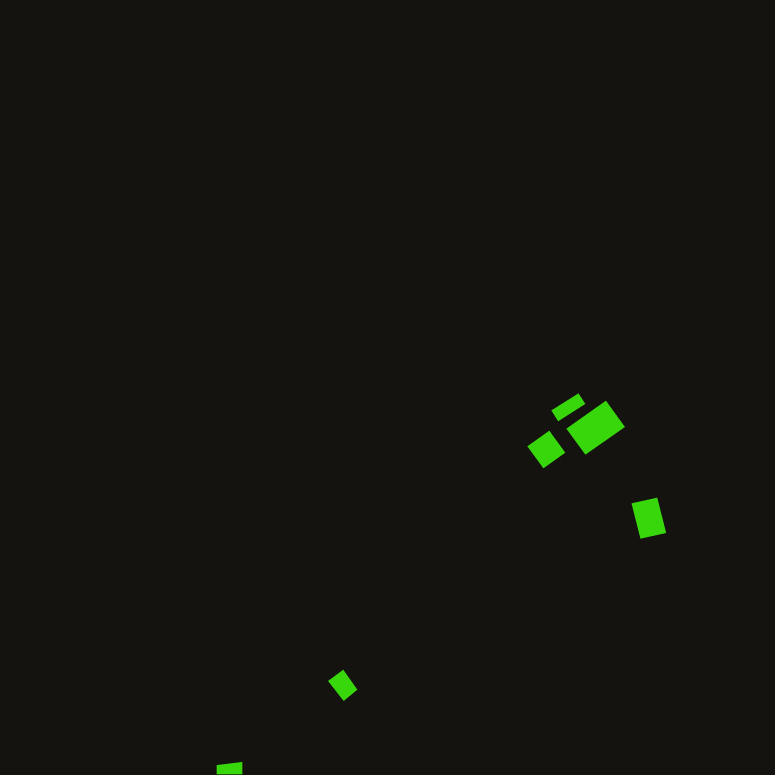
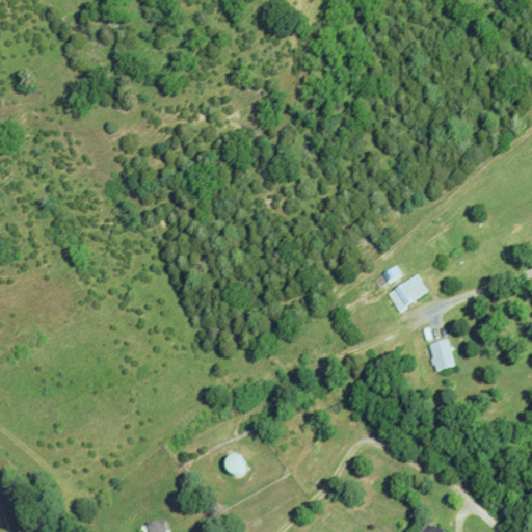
building: [526,430,567,469] -> none

